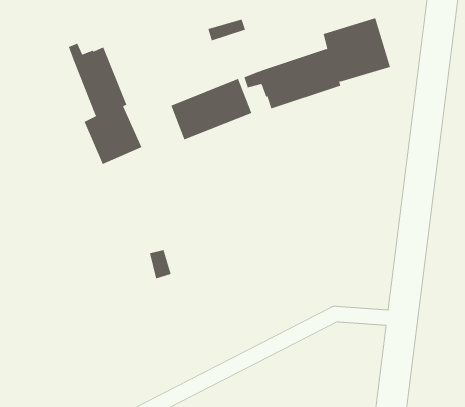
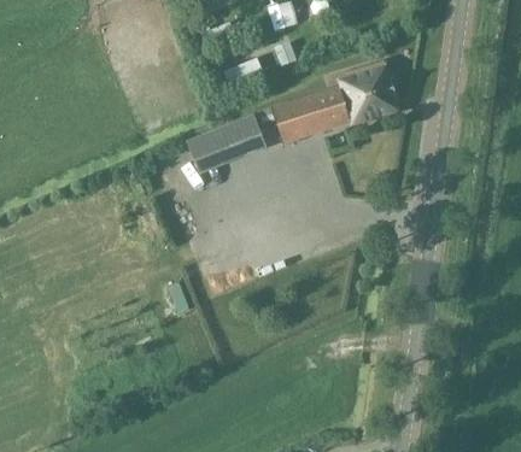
building: [68,43,142,165] -> none

